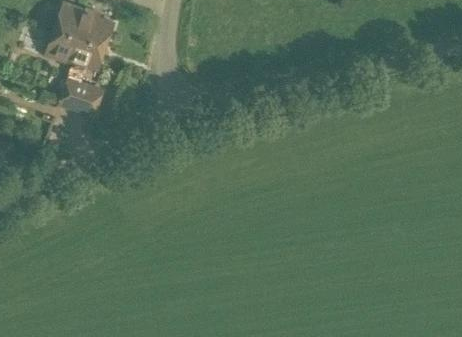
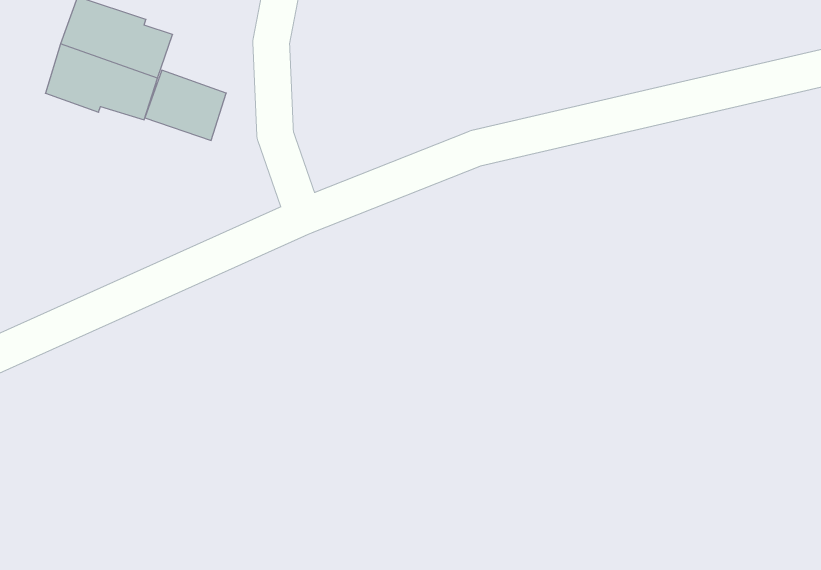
building: [59,77,102,114] -> [145,70,226,140]

